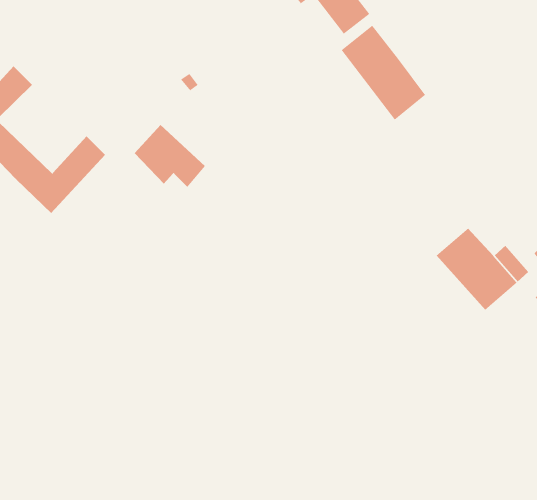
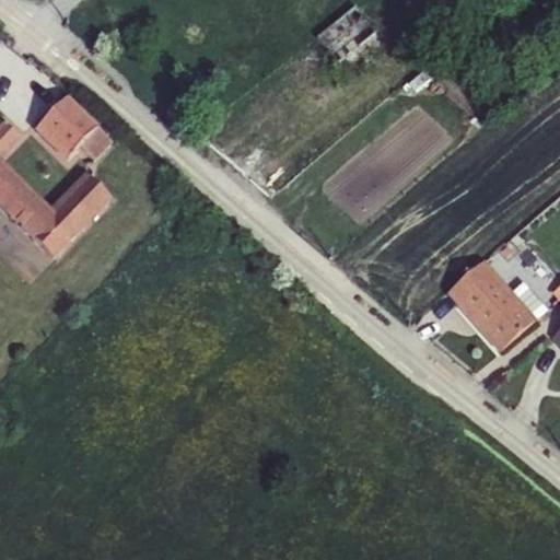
building: [341,25,426,120] -> none
building: [134,124,206,188] -> [39,95,113,160]

